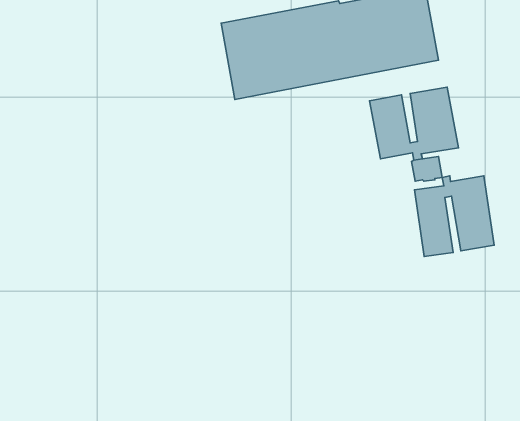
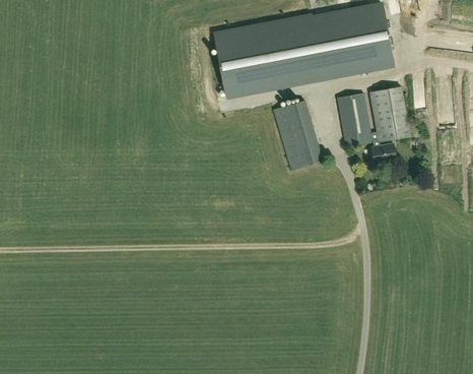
building: none -> [273,99,323,169]
building: [415,176,494,257] -> none

